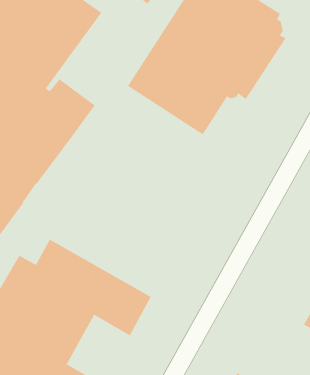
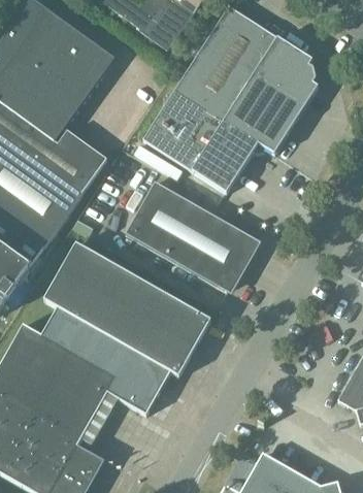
building: none -> [126,180,257,290]
building: none -> [44,242,210,375]

